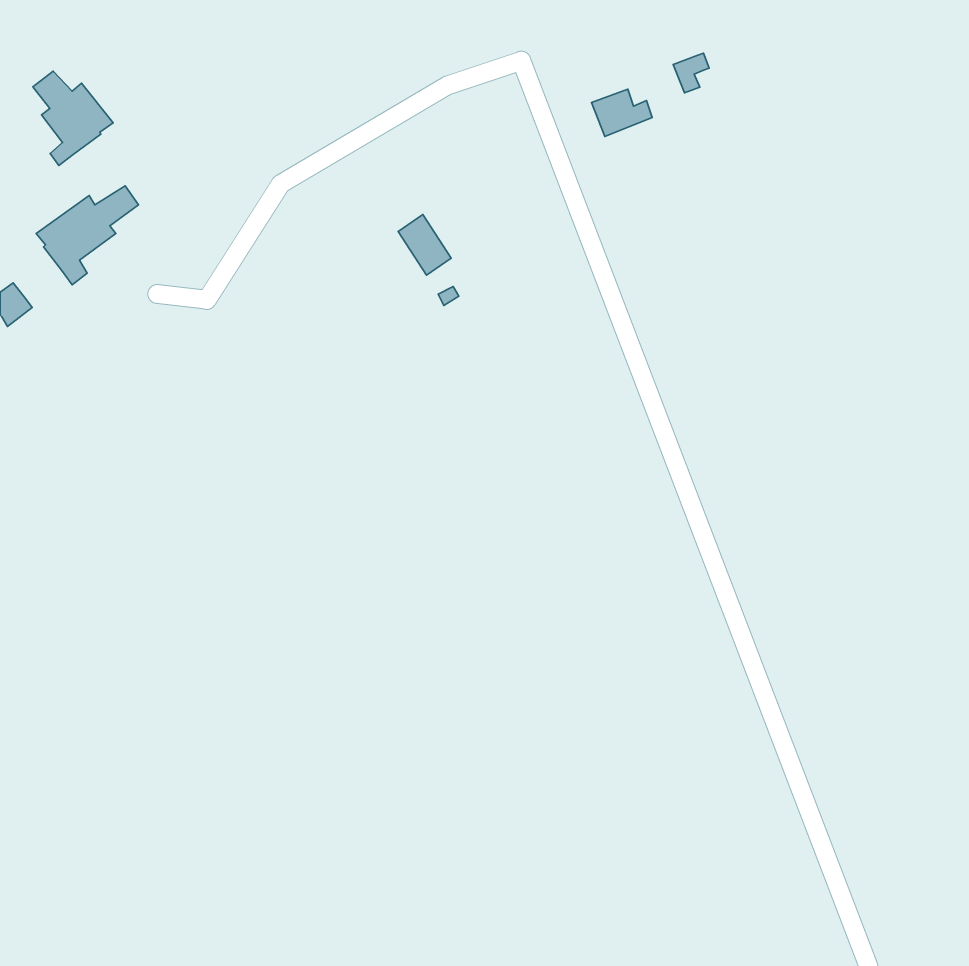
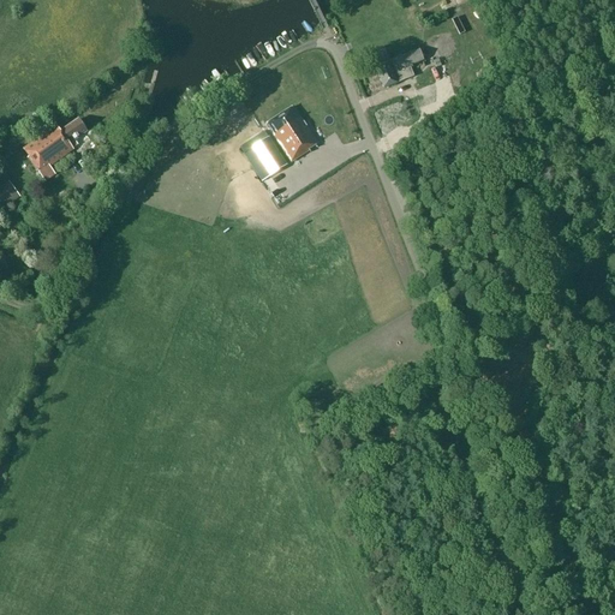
building: [33,71,113,165] -> none
building: none -> [265,105,318,161]

